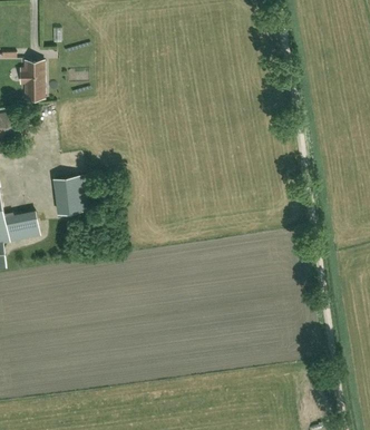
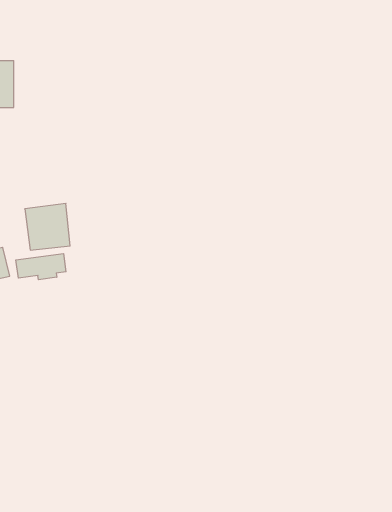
building: none -> [16,254,66,280]

